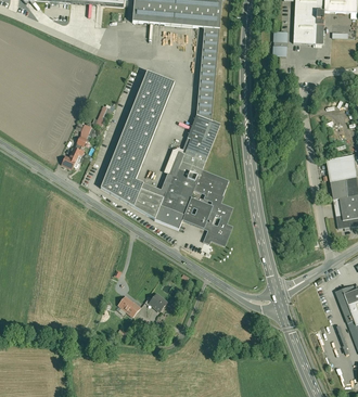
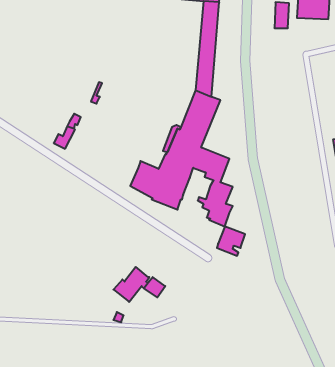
building: [100,69,174,205] -> none
building: [182,197,209,226] -> [217,226,245,256]

